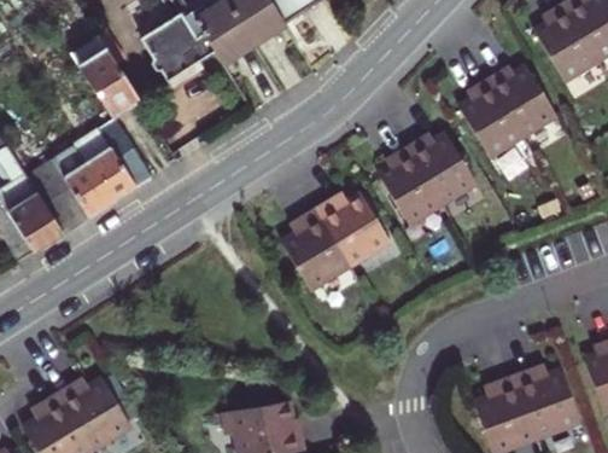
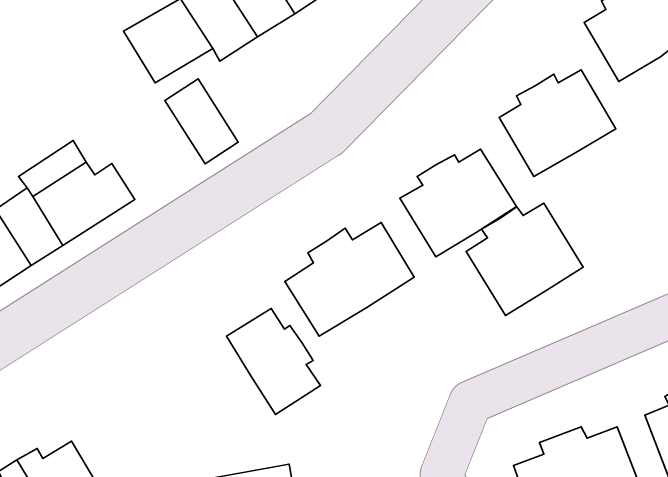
building: [82,43,144,115] -> [165,79,238,164]
building: none -> [466,203,583,316]
building: none -> [227,309,320,414]

